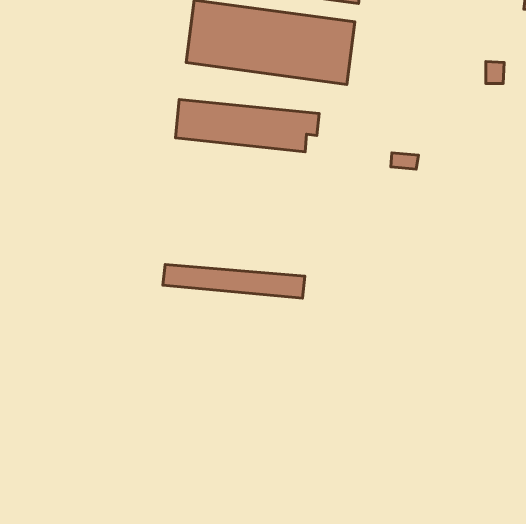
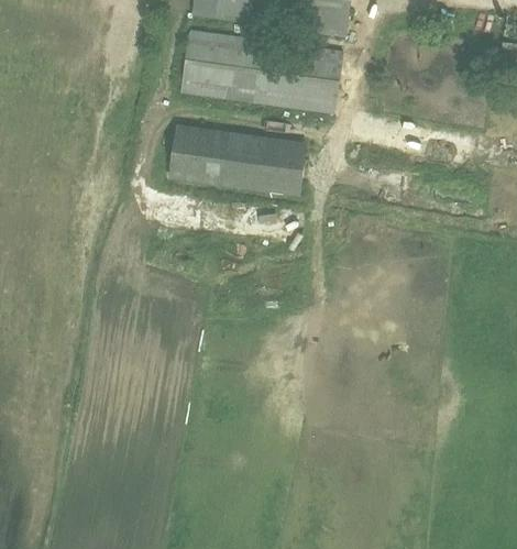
building: [163,264,305,298] -> [166,167,301,199]

